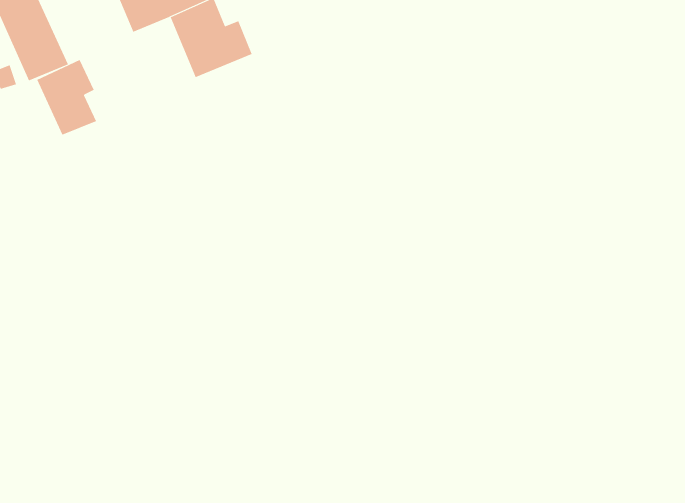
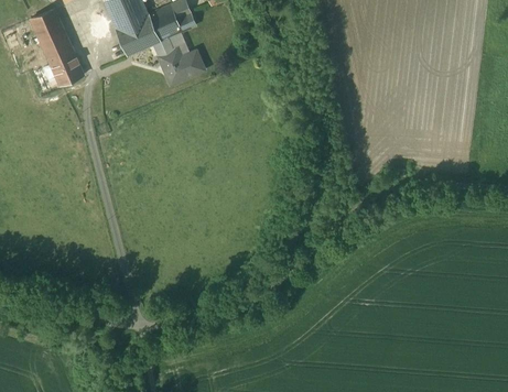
building: [36,59,97,136] -> none

